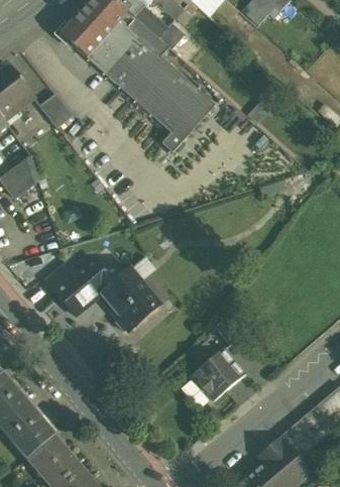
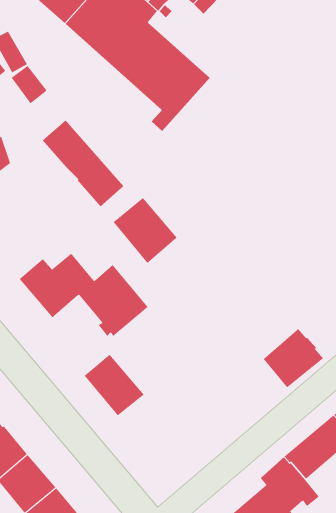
building: none -> [42,119,124,207]
building: none -> [113,197,178,264]
building: none -> [84,354,144,416]
building: [192,347,245,399] -> [263,328,324,388]

